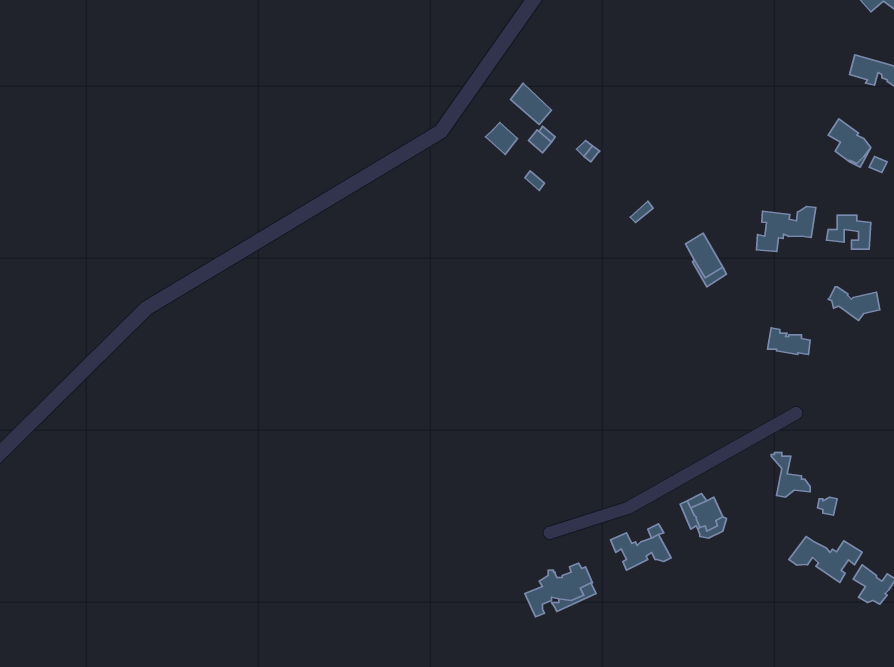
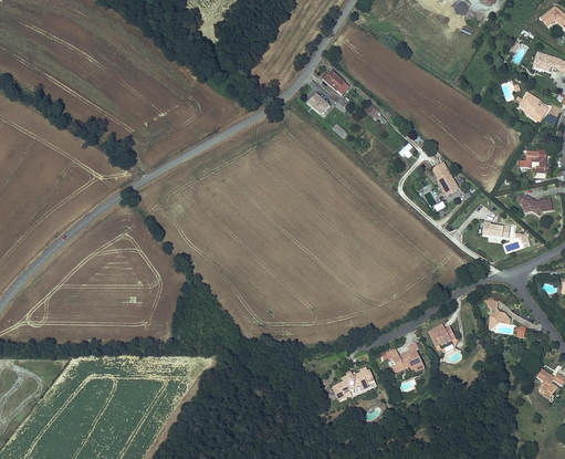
building: [757,206,816,252] -> none
building: [789,536,862,582] -> none

